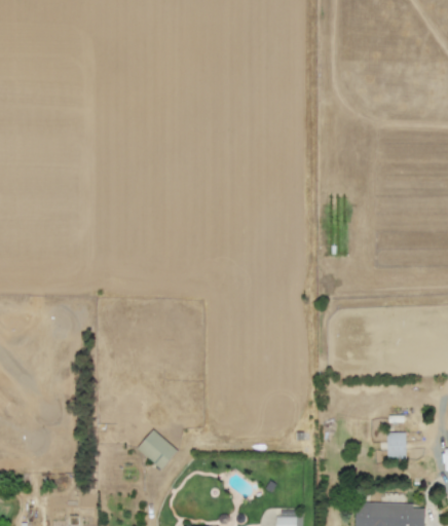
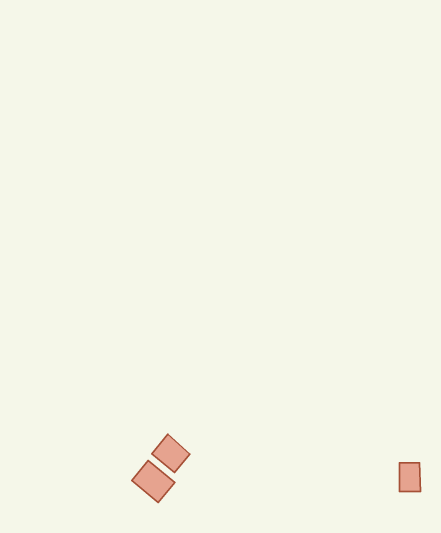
building: none -> [152,434,190,473]

